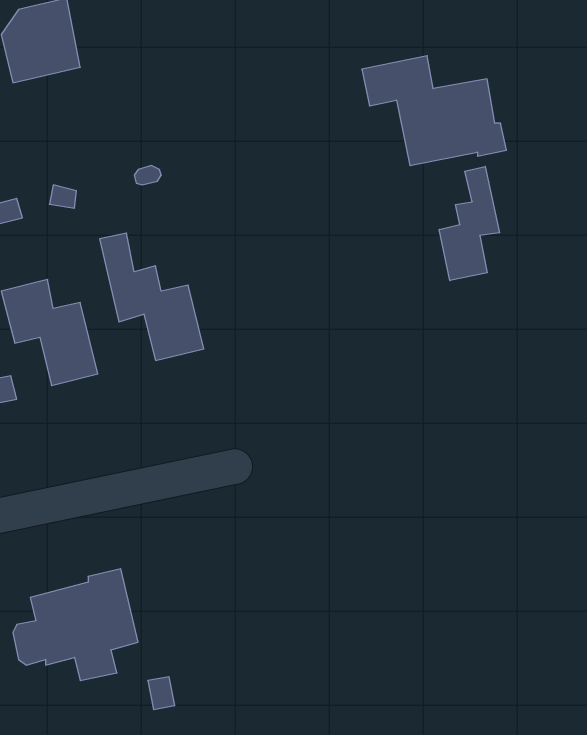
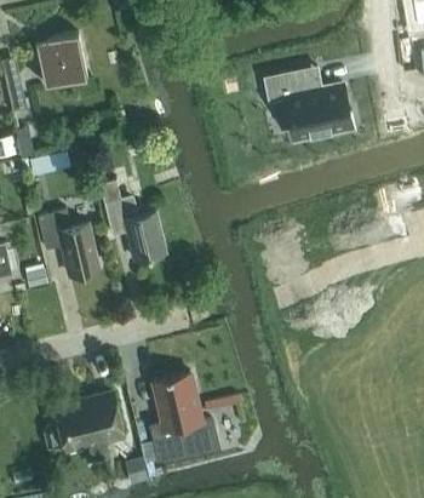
building: [439,166,500,281] -> none
building: none -> [145,373,217,463]

